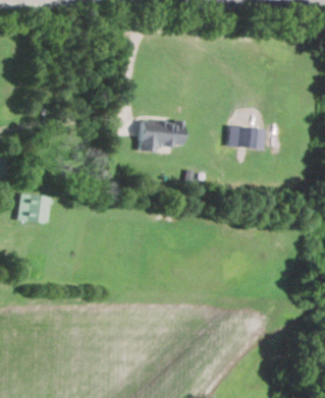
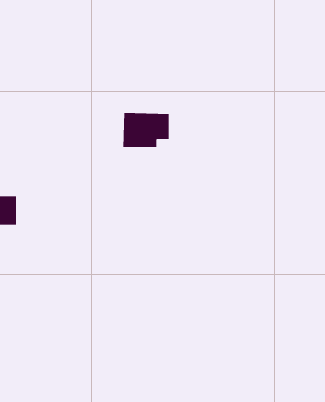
building: [230,126,267,150] -> none

